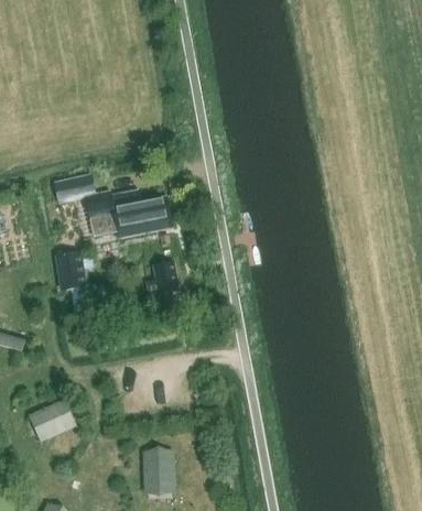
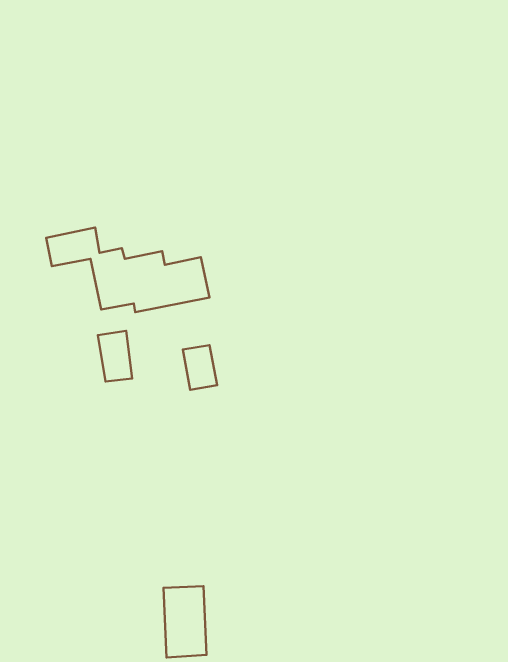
building: [56,253,82,291] -> [98,331,132,381]
building: [26,398,76,442] -> none

